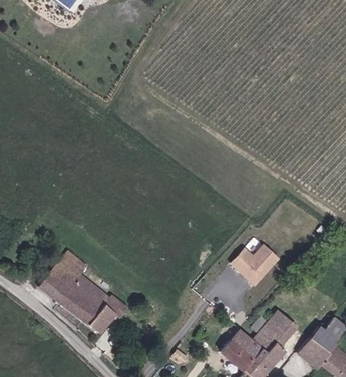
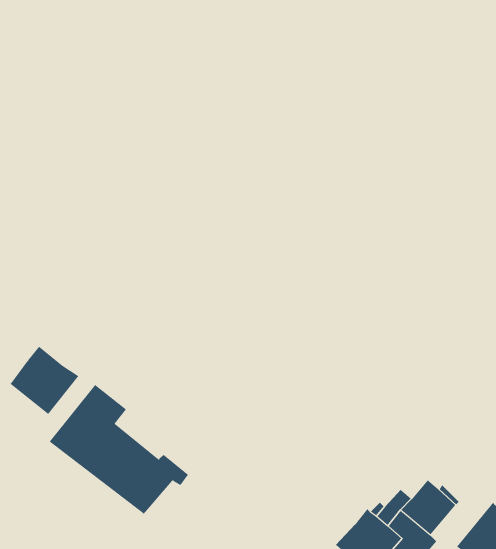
building: none -> [10,346,79,415]
building: [228,241,280,285] -> none

